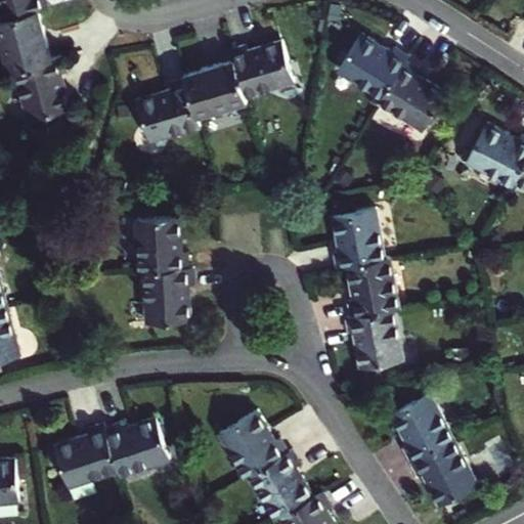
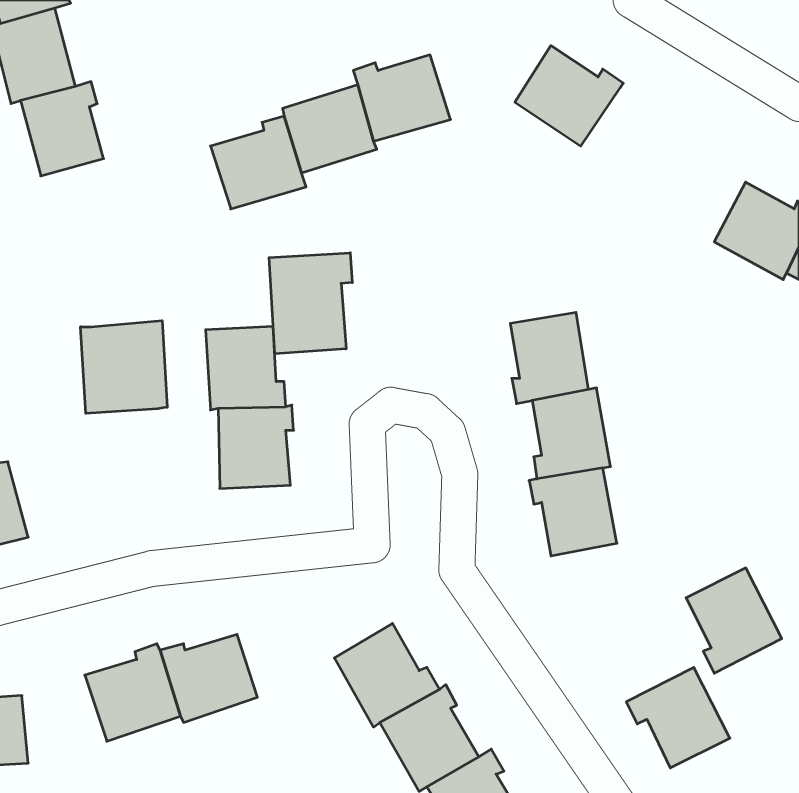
building: [377,63,444,134] -> none
building: none -> [269,253,352,354]
building: none -> [81,321,167,413]
building: [390,395,452,464] -> [686,568,782,673]

